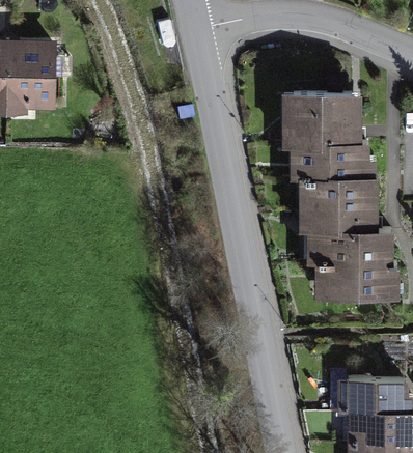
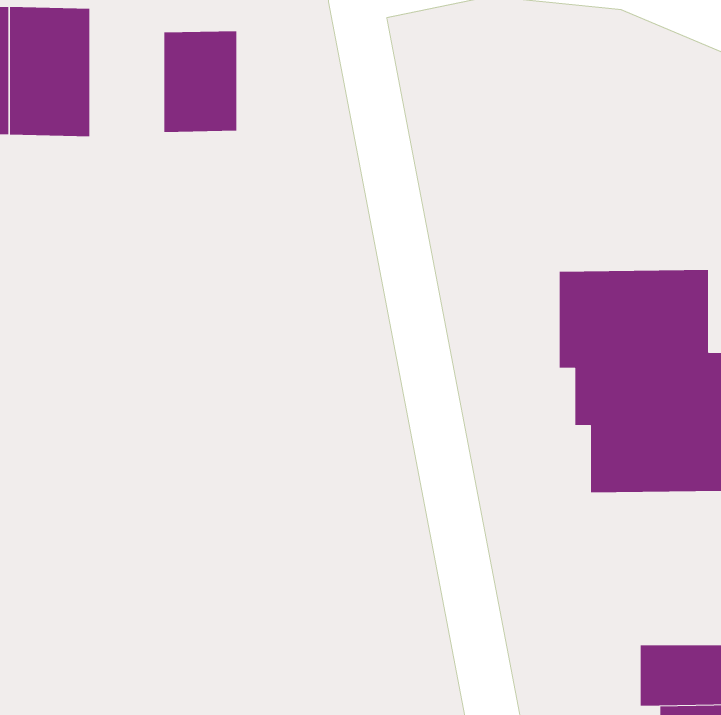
building: none -> [164,30,237,133]
building: [282,93,378,182] -> none

